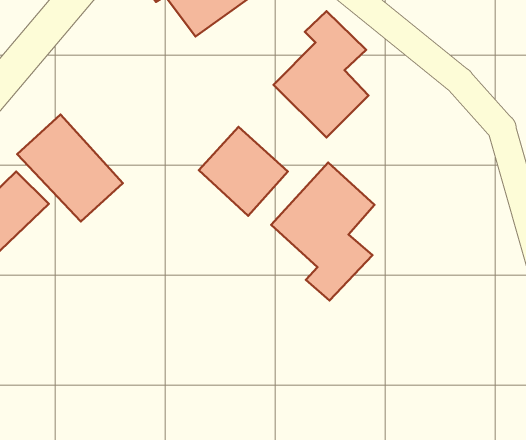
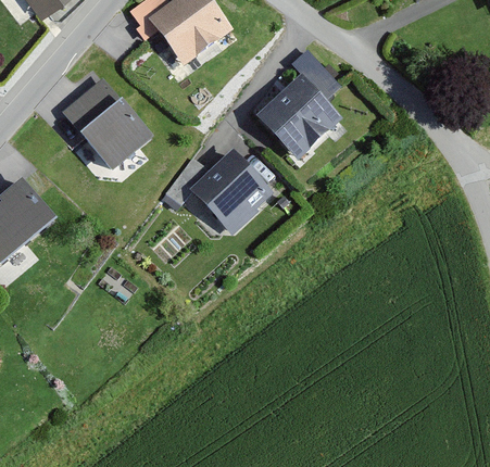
building: [17,115,123,222] -> [60,74,155,171]
building: [271,162,375,301] -> none

